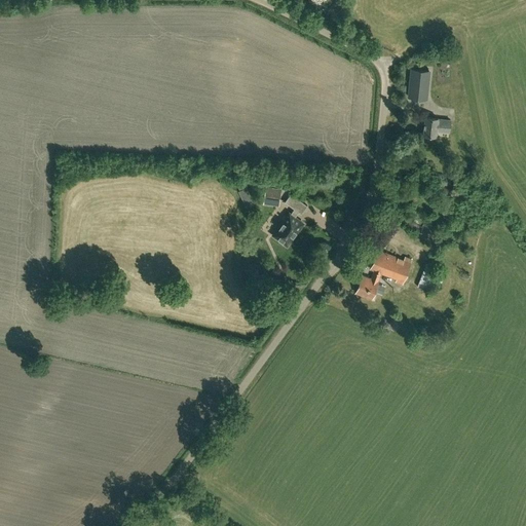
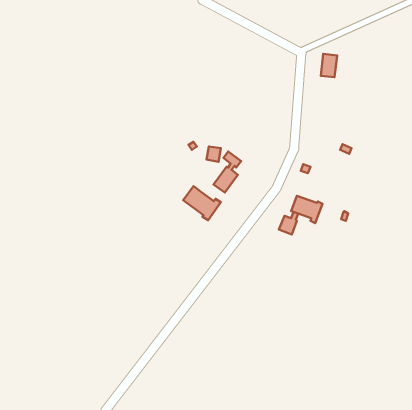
building: [423,119,450,138] -> none
building: none -> [183,186,221,220]

